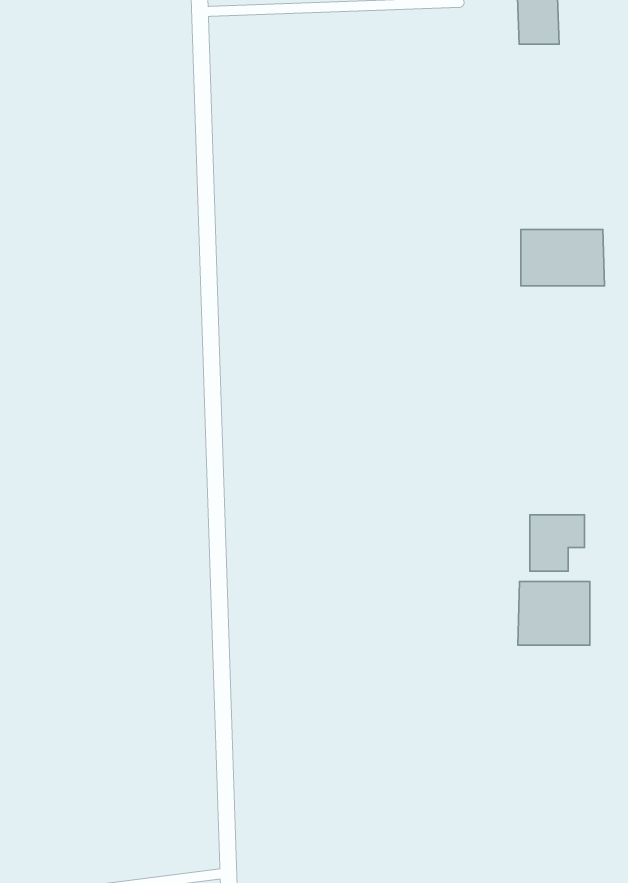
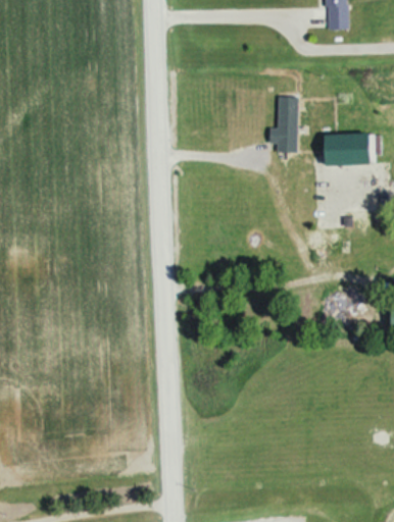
building: none -> [269,96,298,151]
building: [518,582,590,645] -> none

